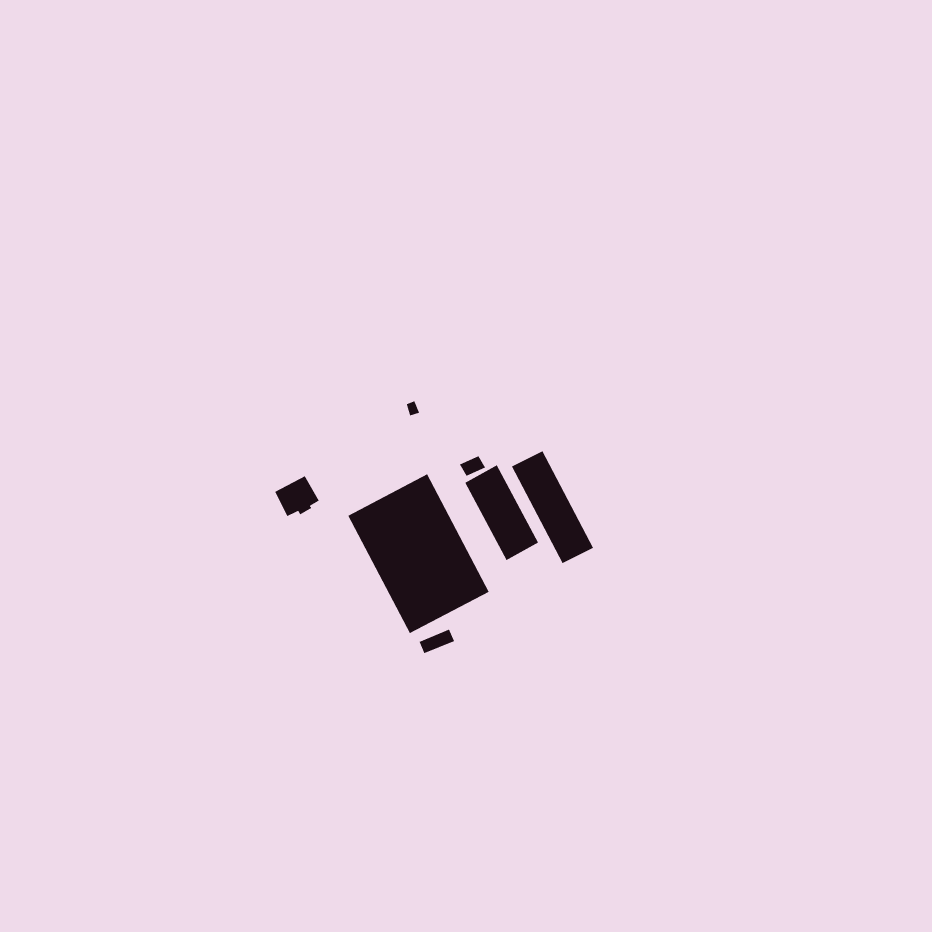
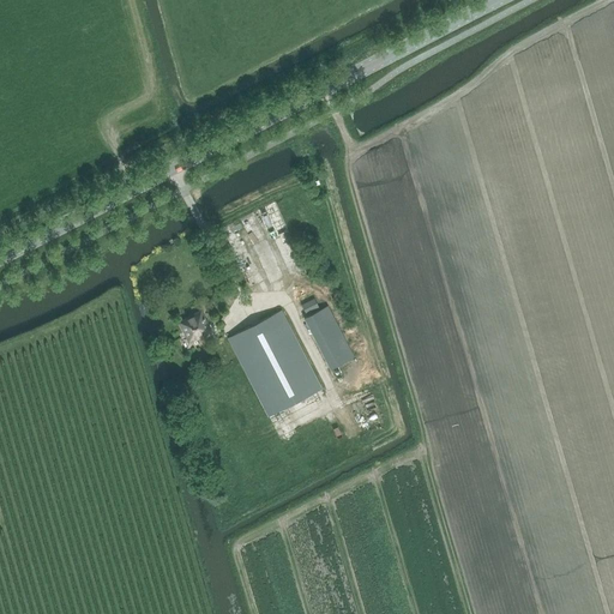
building: [511,450,594,564] -> none

